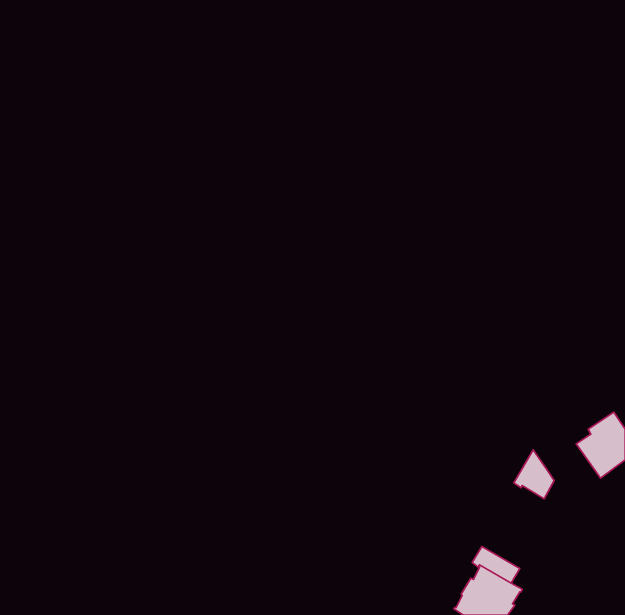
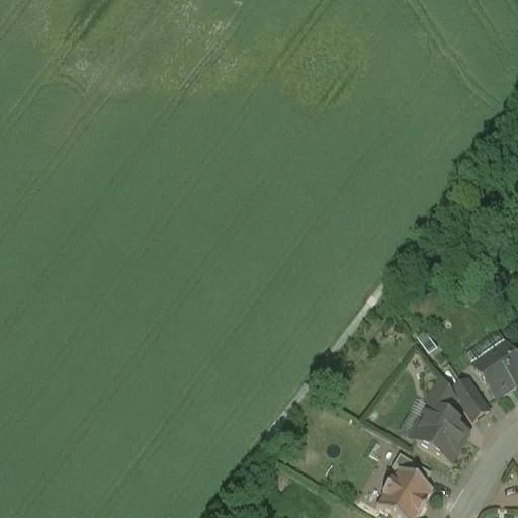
building: none -> [452,377,490,419]
building: none -> [411,402,467,459]

